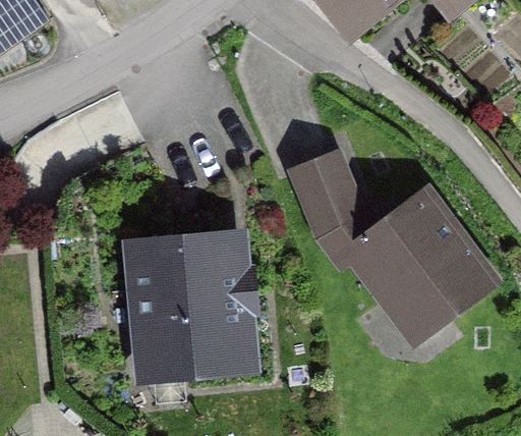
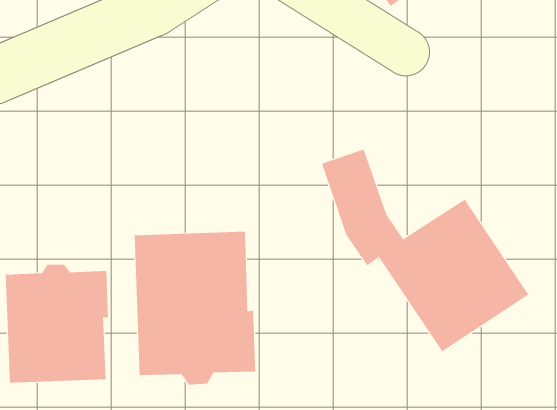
building: none -> [5,264,108,383]

